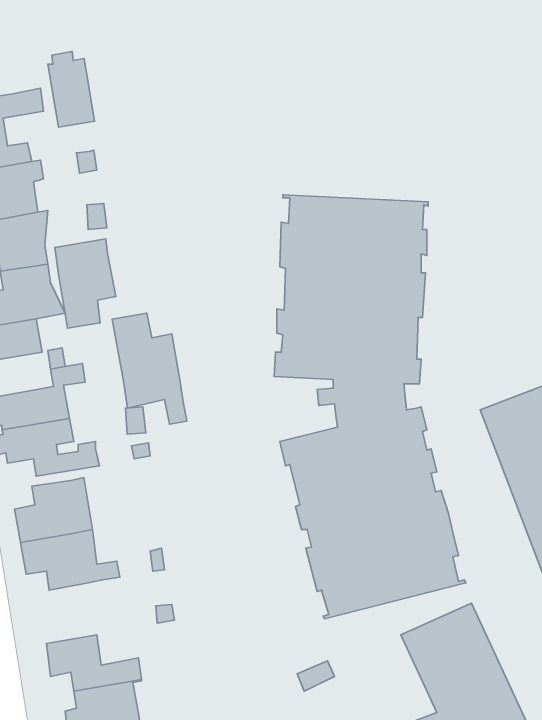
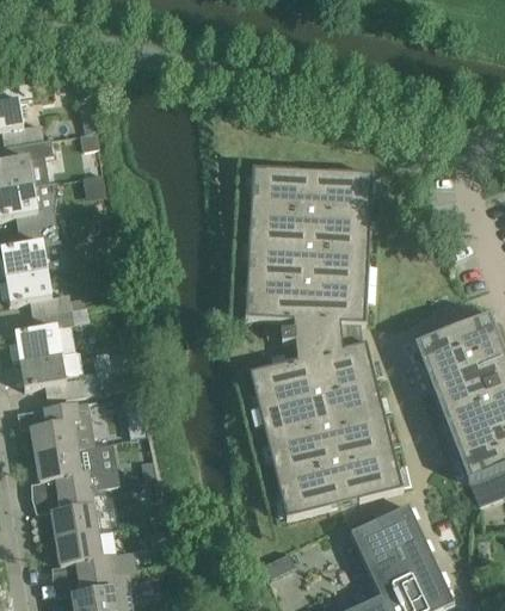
building: [48,52,95,127] -> none
building: [55,239,116,328] -> none
building: [112,313,187,424] -> none
building: none -> [50,488,97,538]

